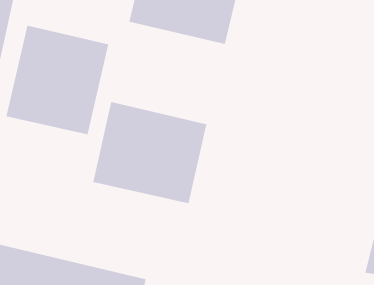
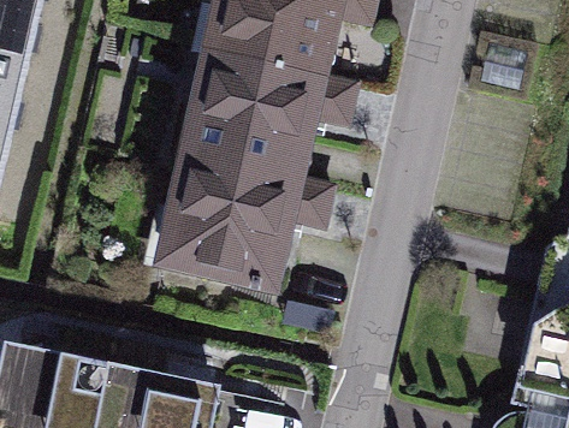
building: none -> [174,47,327,183]
building: [6,25,109,135] -> none

